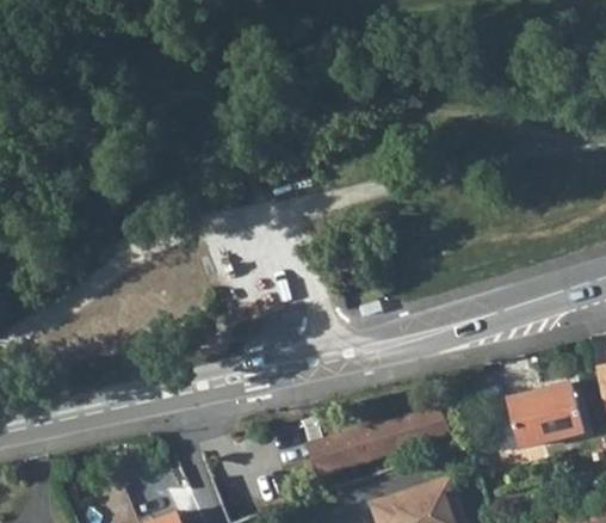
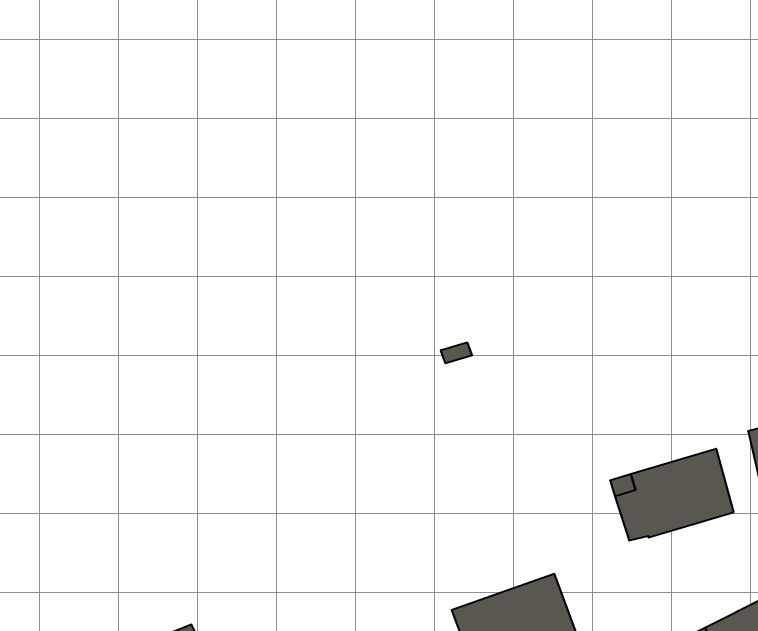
building: [309,411,445,478] -> none

